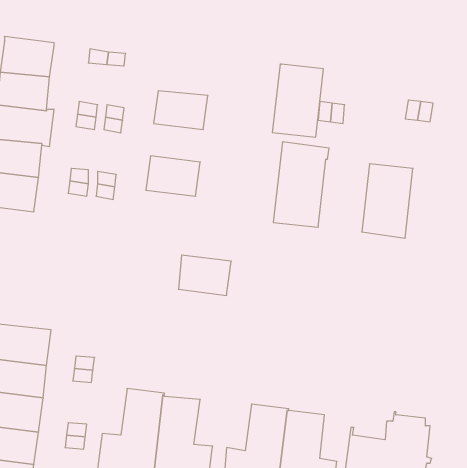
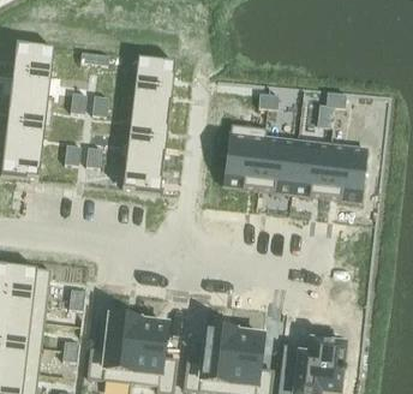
building: none -> [134,55,175,86]
building: [272,64,323,137] -> [258,136,298,192]
building: none -> [128,108,169,138]
building: none -> [325,143,366,201]
building: [178,255,231,295] -> [122,160,163,191]

